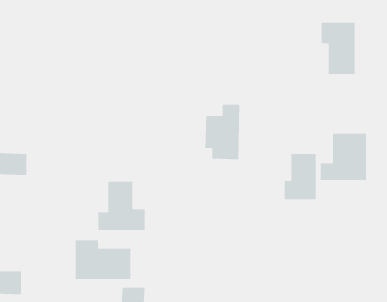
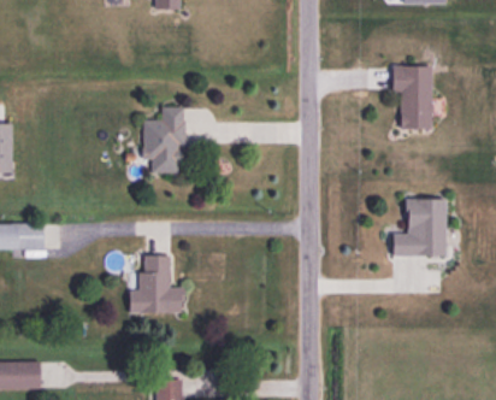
building: [204,104,240,160] -> [143,106,185,172]
building: [284,153,316,200] -> none
building: [75,240,131,280] -> none

